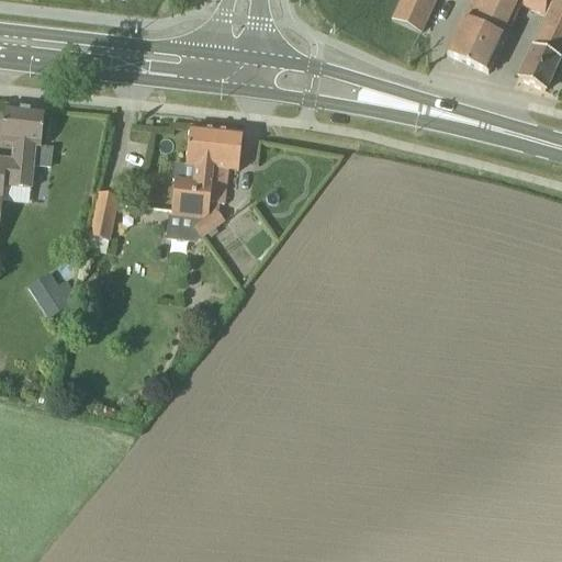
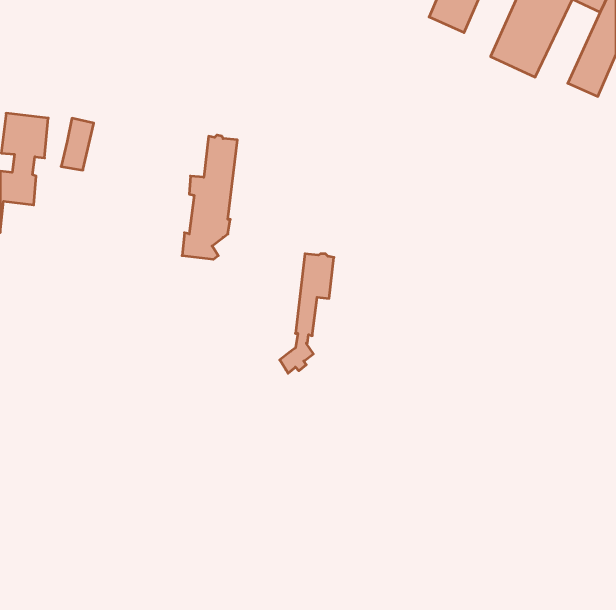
building: [193,127,243,236] -> [280,254,334,373]
building: [88,191,117,238] -> [61,118,94,170]
building: [27,270,74,316] -> none

